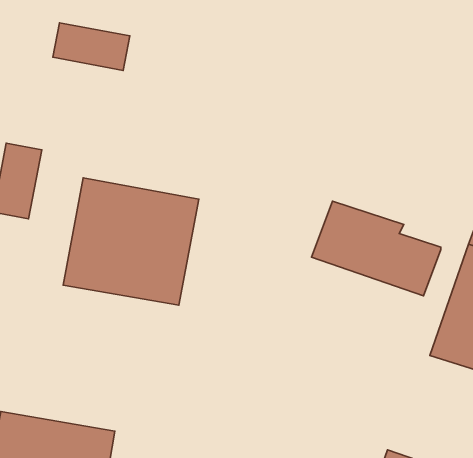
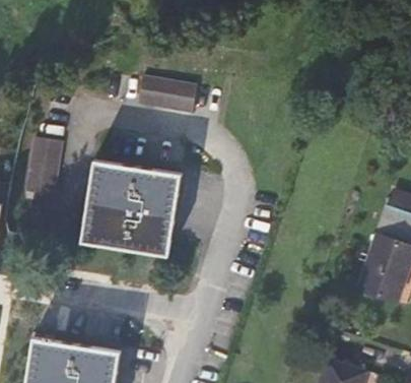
building: [53,23,130,70] -> [141,76,200,113]
building: [312,201,441,296] -> none

